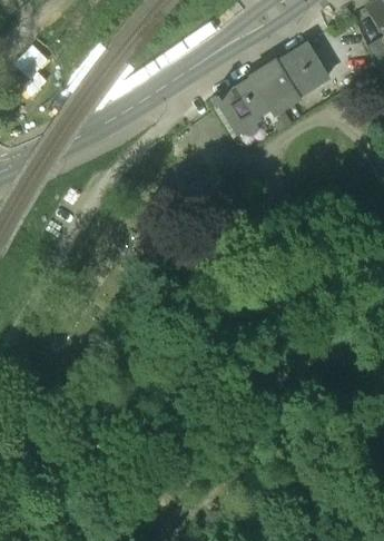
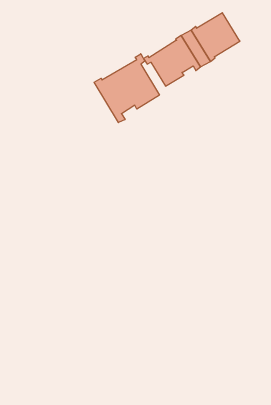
building: none -> [94,54,159,123]

